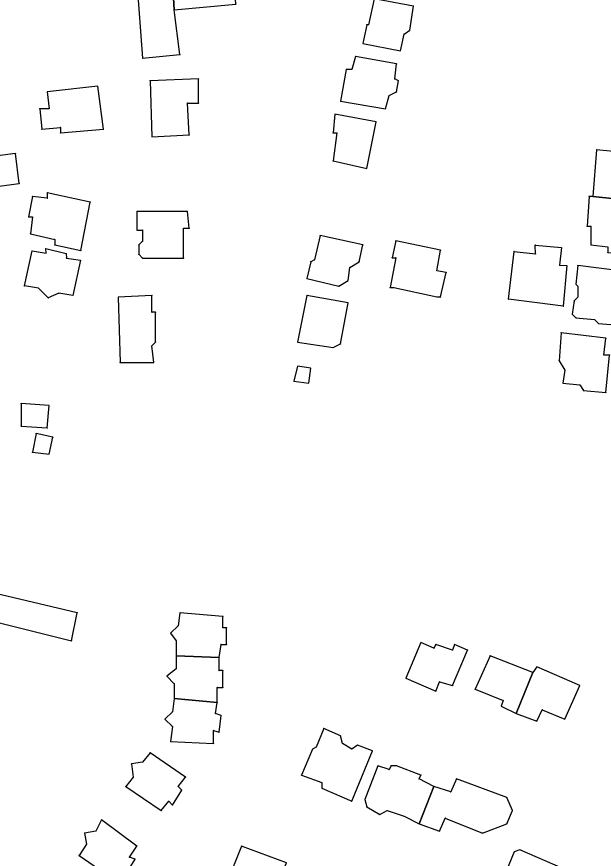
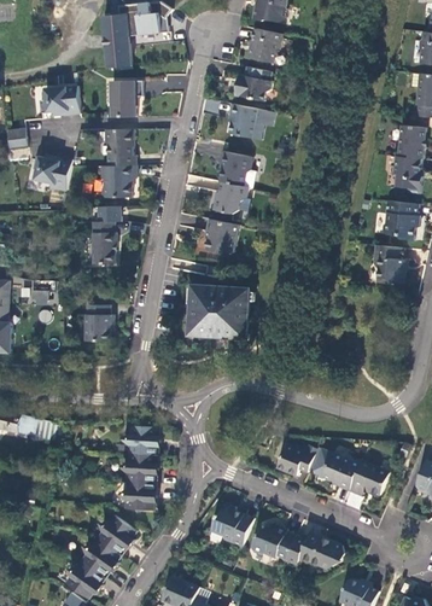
building: none -> [106,129,136,165]
building: [390,241,446,297] -> [220,151,256,187]
building: [509,245,567,306] -> none
building: [24,249,80,298] -> none
building: none -> [192,286,249,336]
building: none -> [83,304,111,342]
building: none -> [81,537,119,576]

